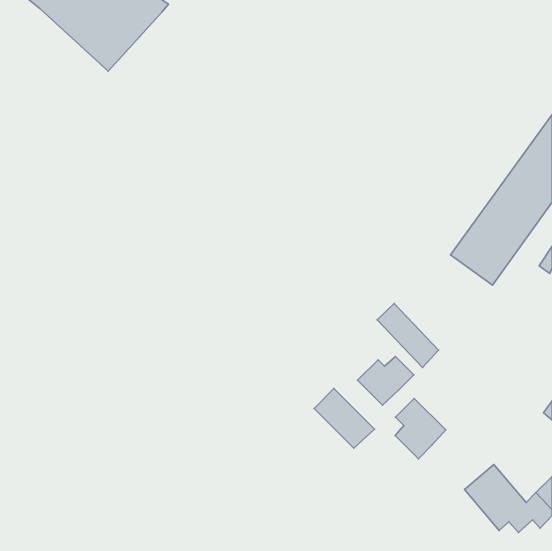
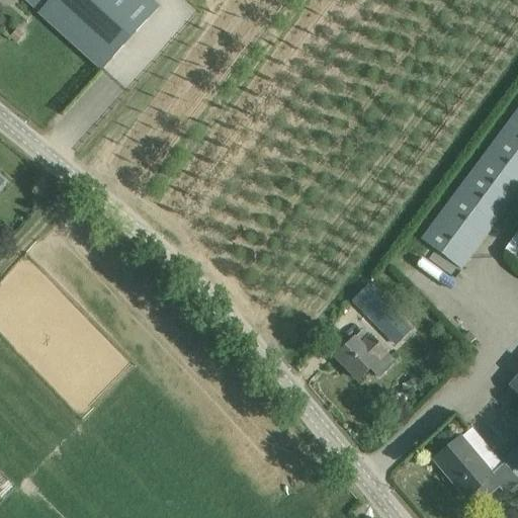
building: [314,388,374,448] -> none
building: [395,398,446,459] -> none

